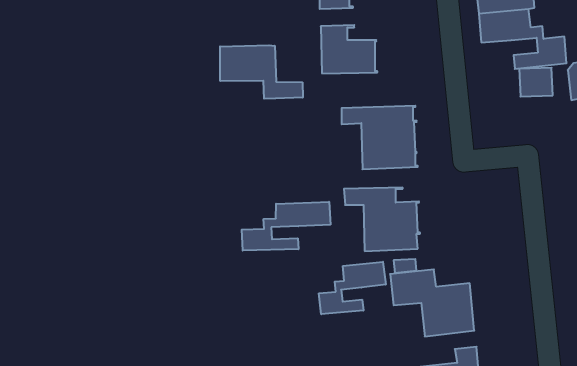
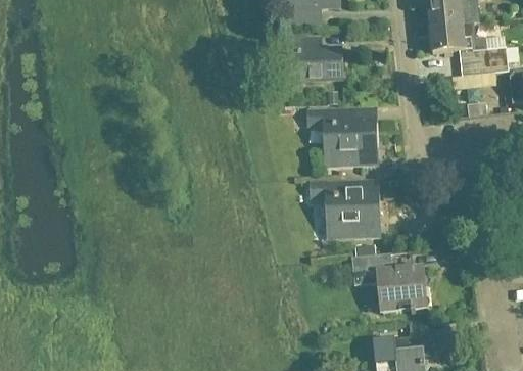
building: [220,45,303,99] -> none
building: [242,202,330,251] -> none
building: [319,262,386,314] -> none

